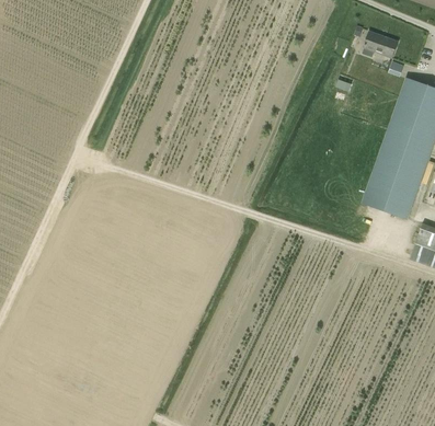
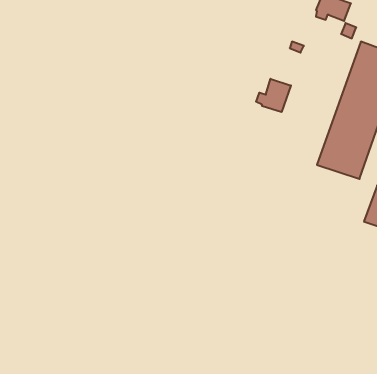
building: none -> [256,79,291,112]

